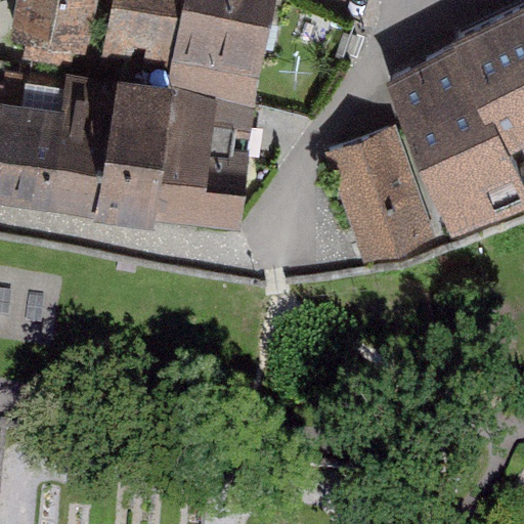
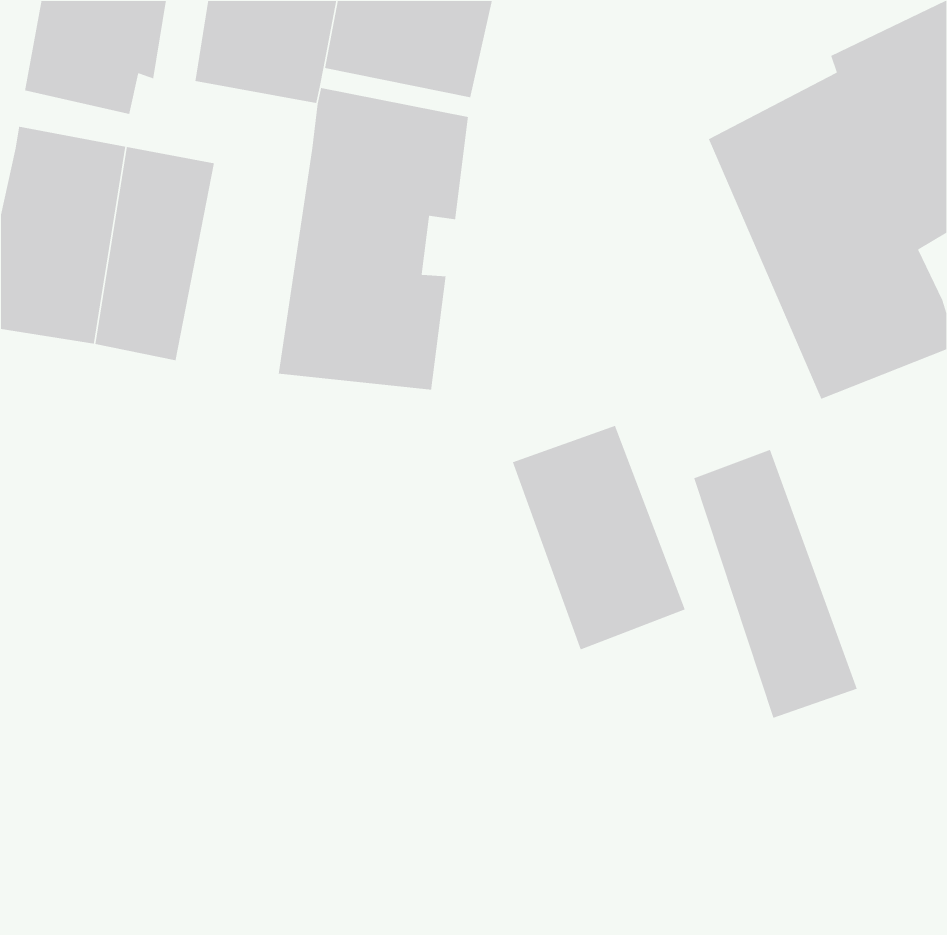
building: [100,81,172,213] -> none
building: [334,133,430,258] -> [512,425,686,651]
building: none -> [693,449,858,719]

